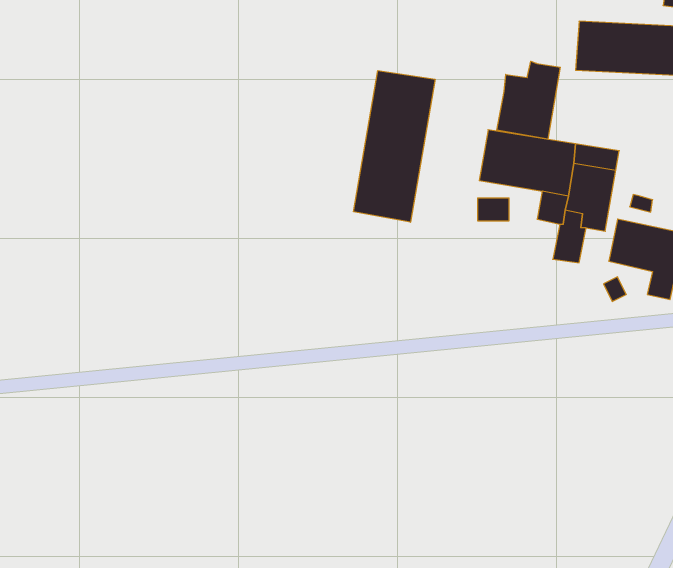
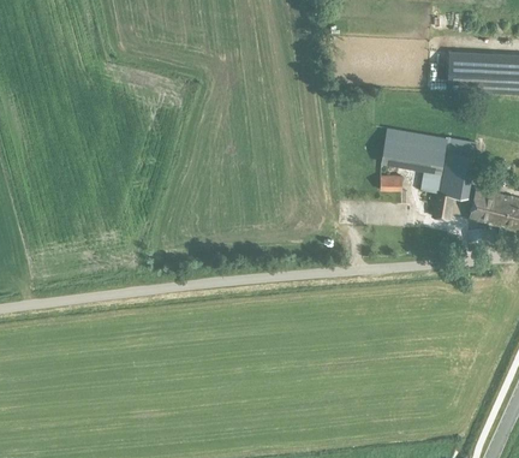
building: [497,61,560,139] -> none
building: [354,71,435,222] -> none

